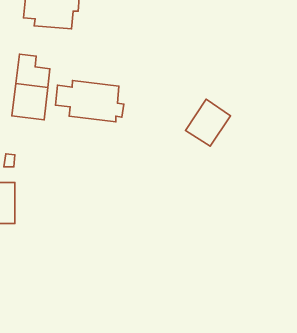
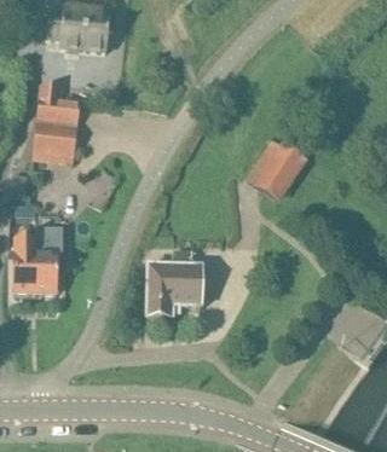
building: [55,80,124,122] -> none
building: none -> [35,226,63,291]
building: none -> [145,250,202,315]

